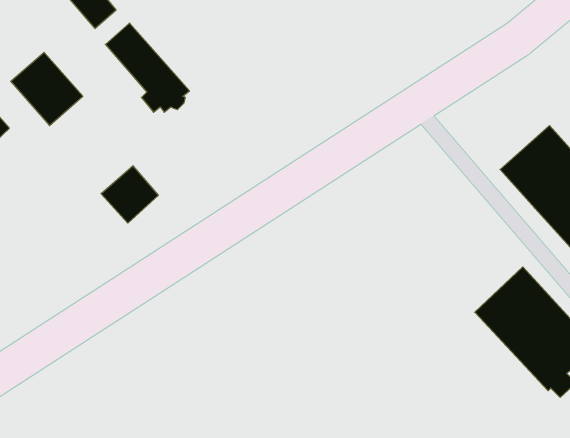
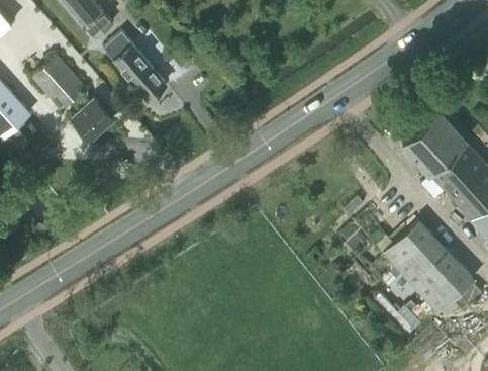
building: [101,166,158,223] -> [71,100,114,144]

